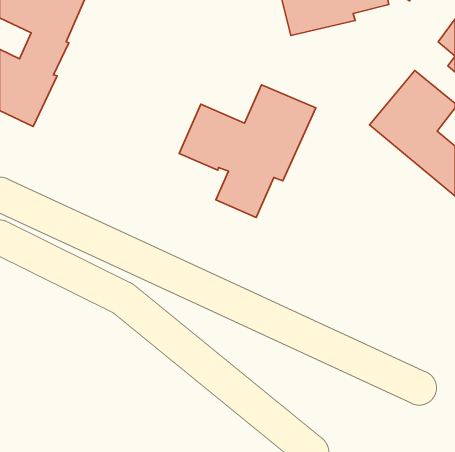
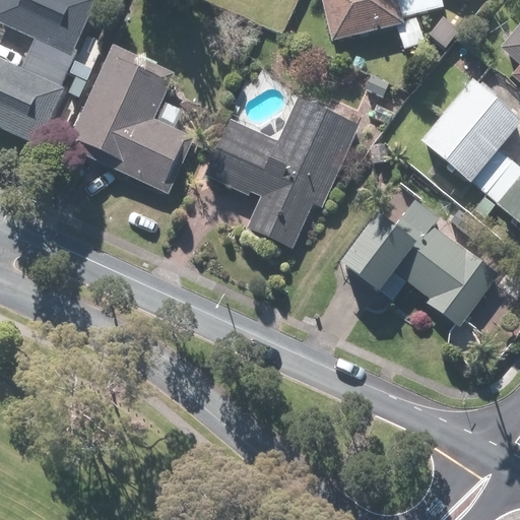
building: none -> [66,44,194,194]
building: none -> [340,199,499,325]

